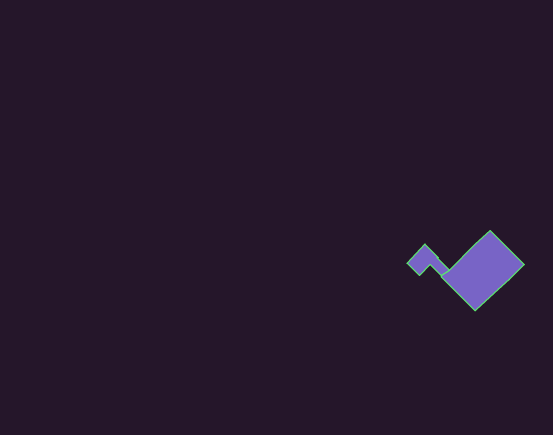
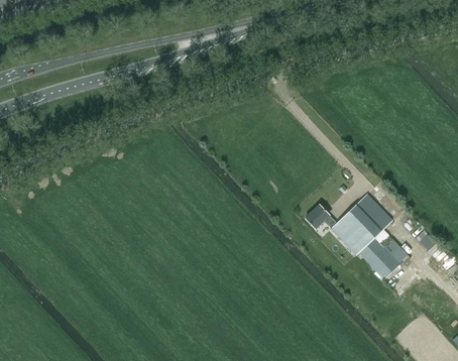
building: none -> [357,236,399,277]

